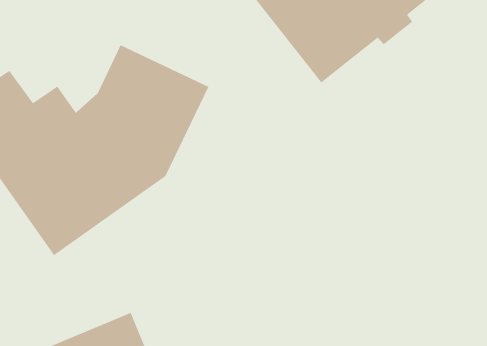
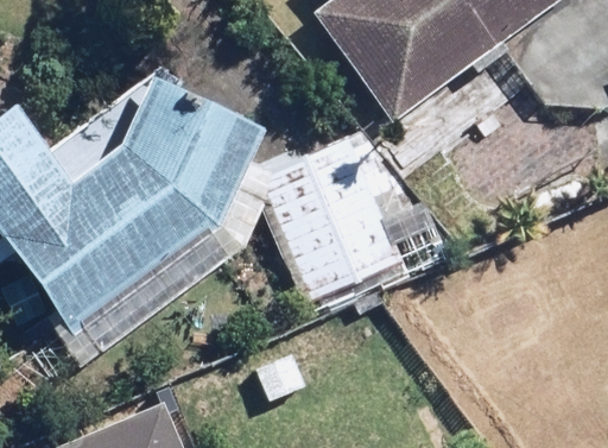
building: none -> [262,146,395,301]

